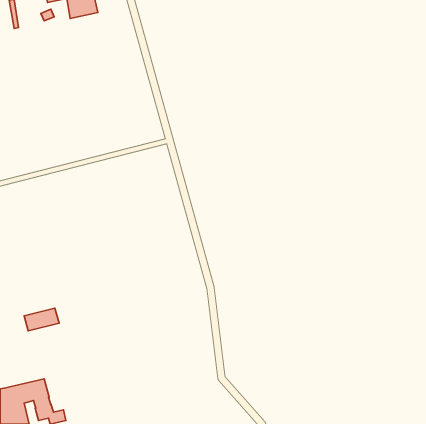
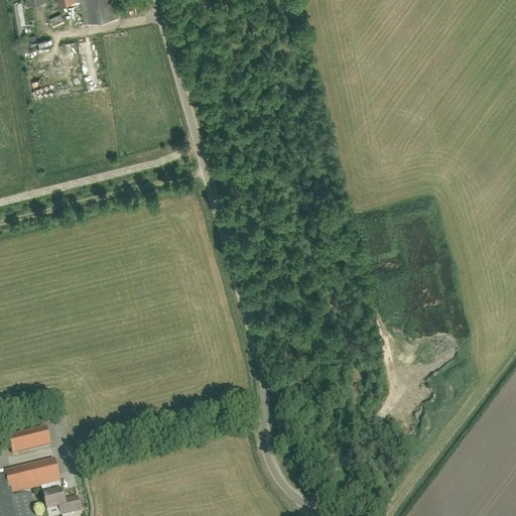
building: [24,308,59,331] -> [9,424,51,452]

